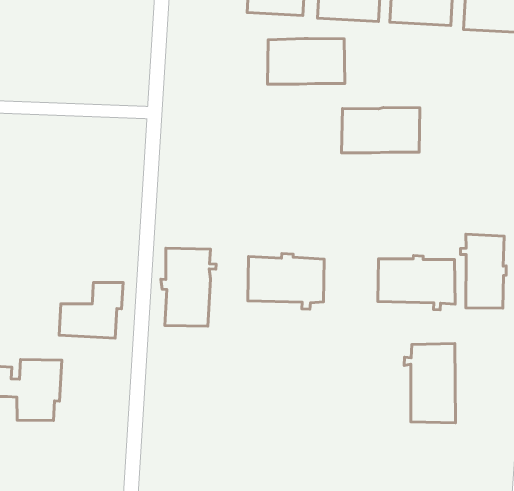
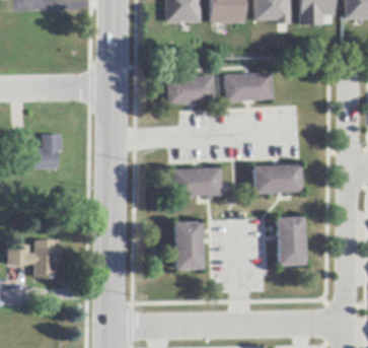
building: [267,38,345,84] -> [168,75,217,106]
building: [460,234,506,308] -> none
building: [161,248,216,326] -> [172,221,206,270]
building: [59,282,123,338] -> [25,134,63,168]

